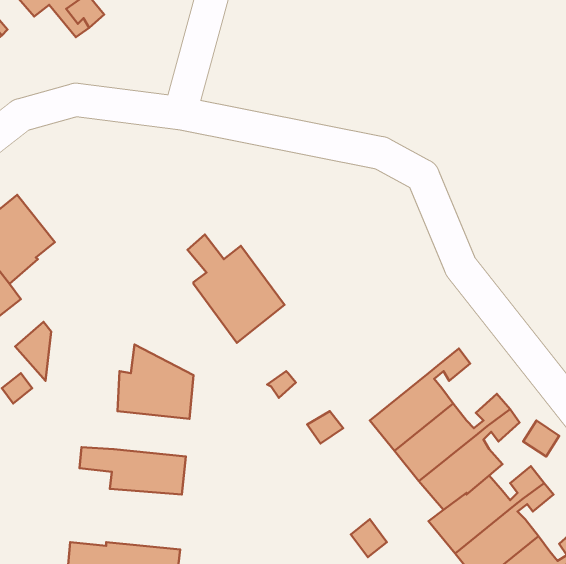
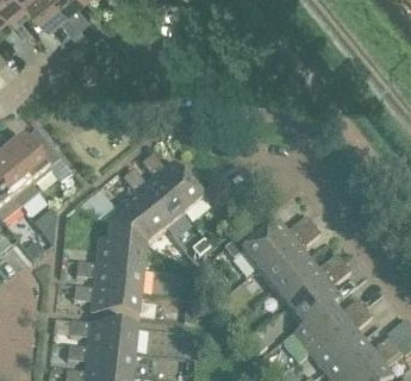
building: none -> [110,175,174,248]
building: none -> [225,223,313,276]
building: none -> [77,268,144,299]
building: none -> [71,327,139,357]

